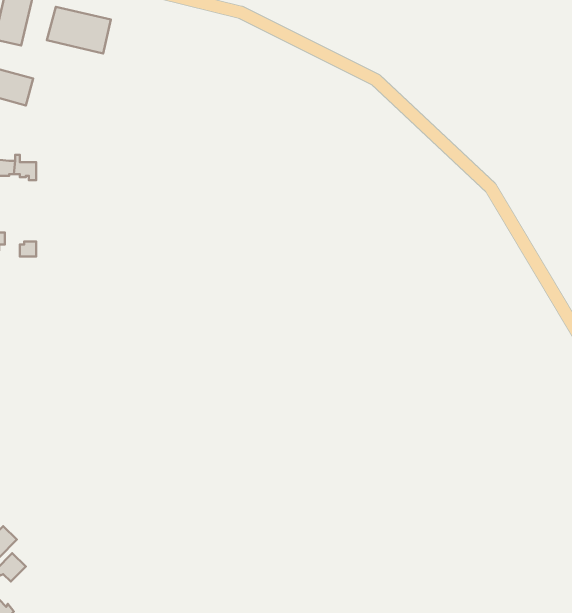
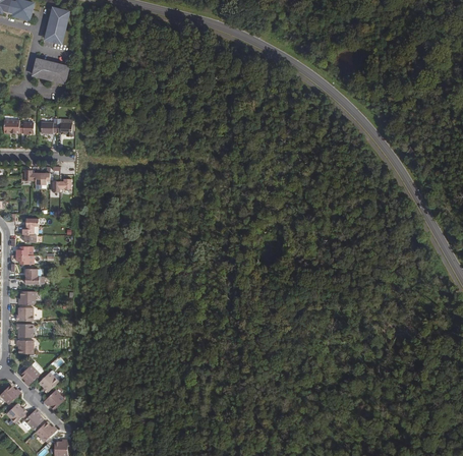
building: [47,7,111,53] -> none

